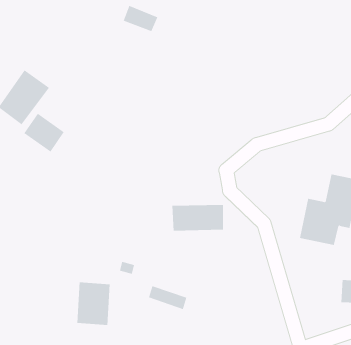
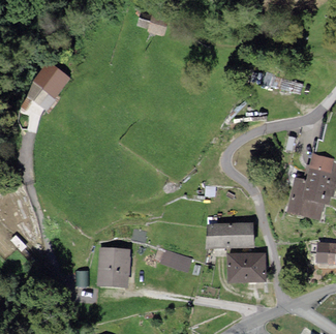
building: [24,113,65,152] -> none
building: [172,204,224,231] -> [209,224,253,247]
building: none -> [230,254,264,280]

